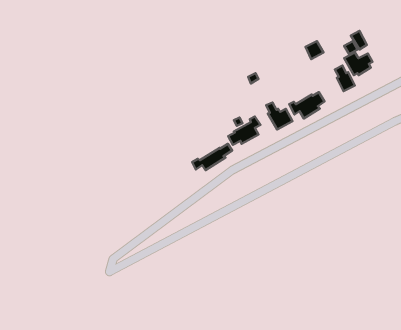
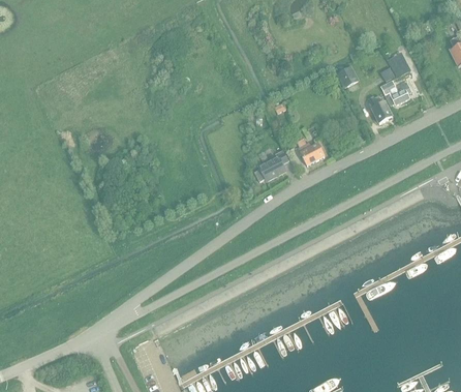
building: [289,92,324,119] -> none
building: [192,144,232,170] -> none

